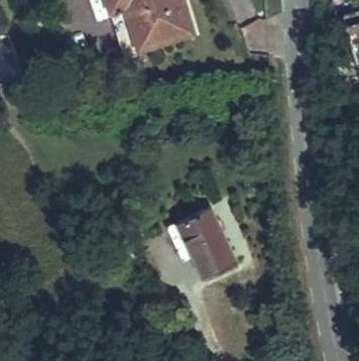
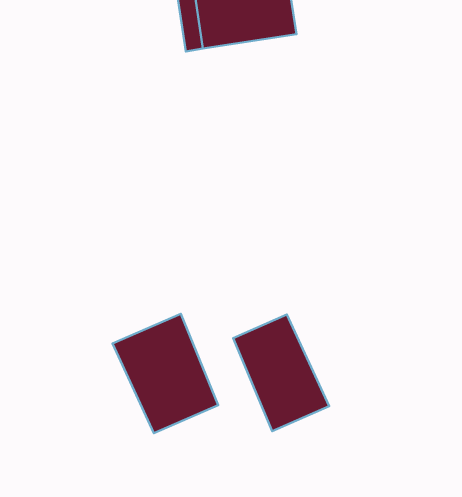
building: none -> [113,314,218,433]

